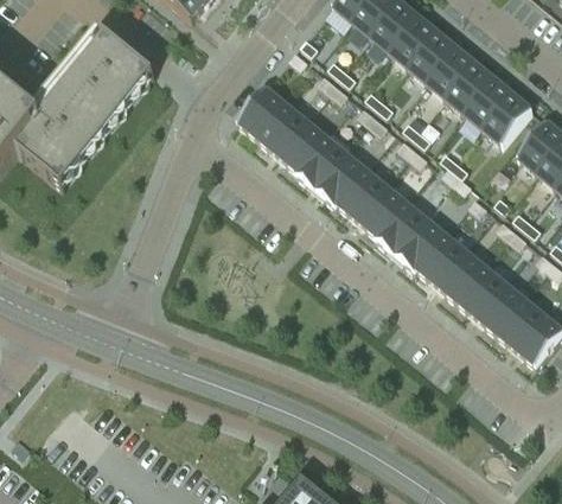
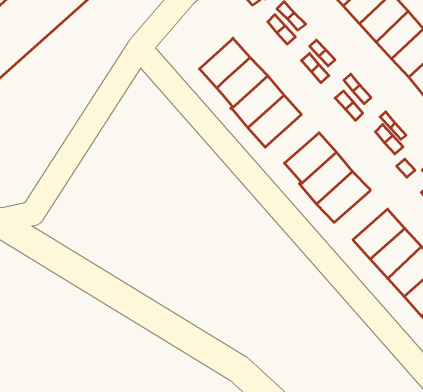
building: [234,83,283,135] -> none
building: [332,165,383,216] -> none
building: [411,229,462,281] -> none

